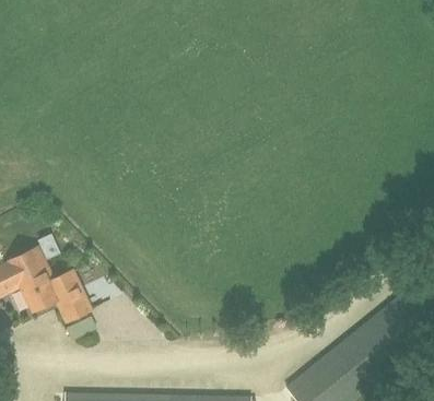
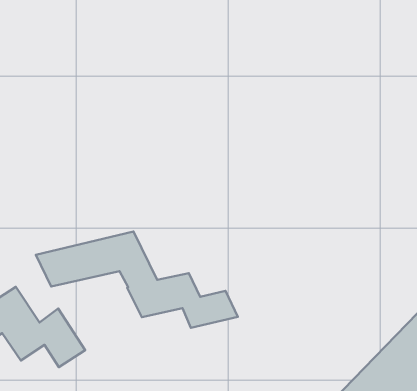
building: none -> [36,232,238,328]

